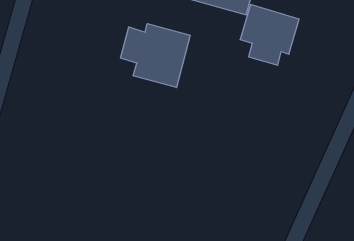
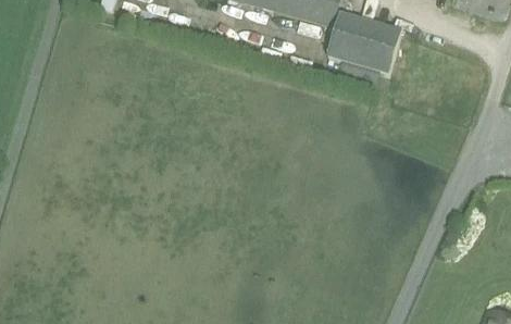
building: [120,24,190,88] -> none

